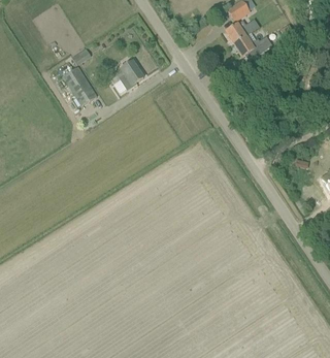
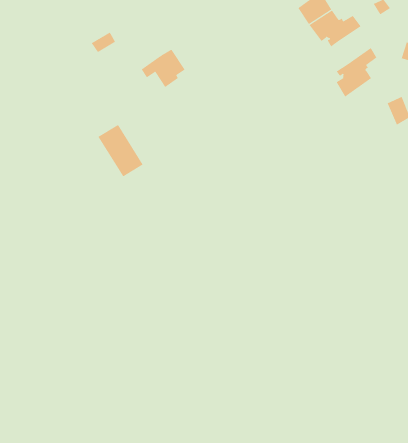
building: none -> [336,47,377,97]
building: [62,66,96,105] -> [98,124,144,177]

